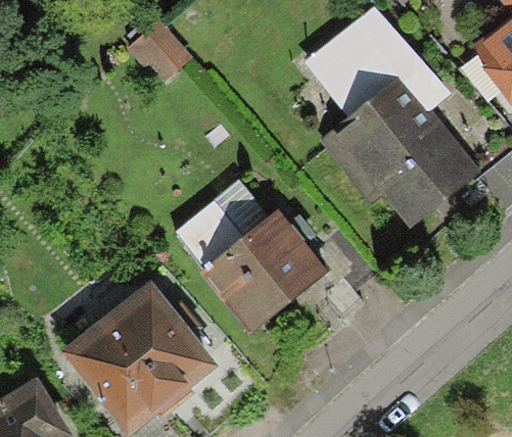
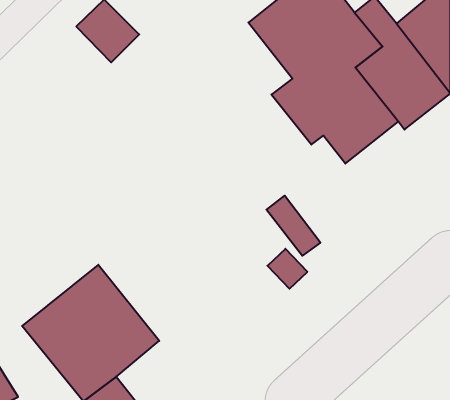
building: [176,204,328,337] -> none

